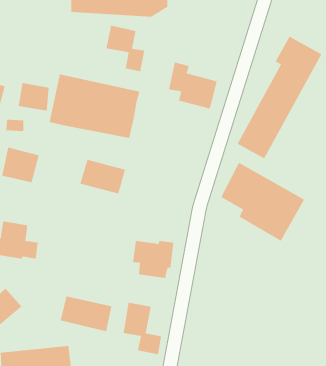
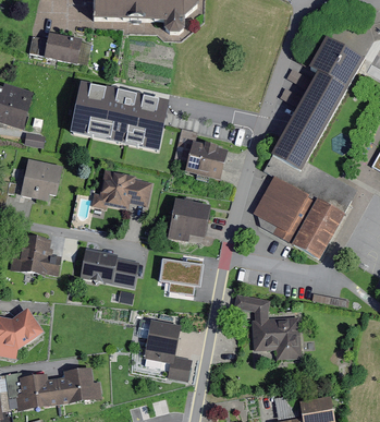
building: [106,25,145,72] -> none
building: [168,62,217,109] -> [173,129,225,179]
building: [18,82,50,111] -> [46,34,79,64]
building: none -> [170,200,210,243]
building: none -> [235,293,302,361]
building: [60,296,112,332] -> [83,250,138,288]

